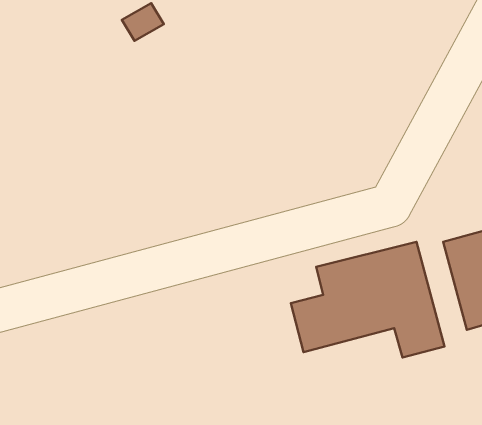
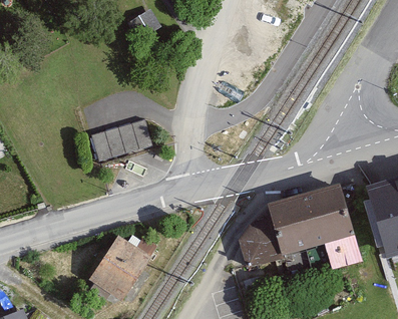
building: none -> [92,120,151,161]
building: none -> [90,237,151,304]

